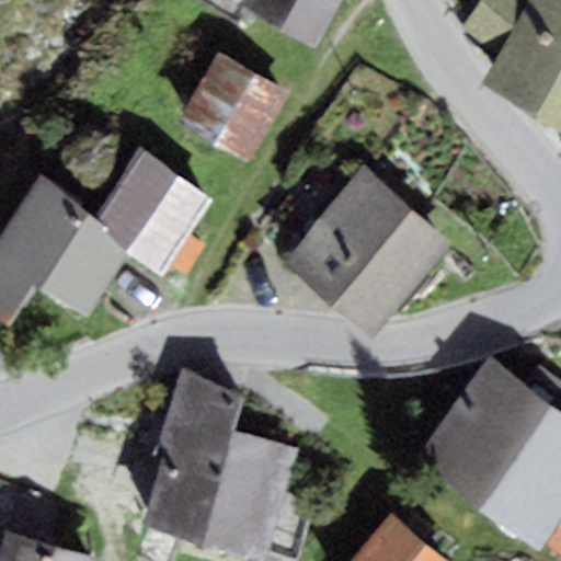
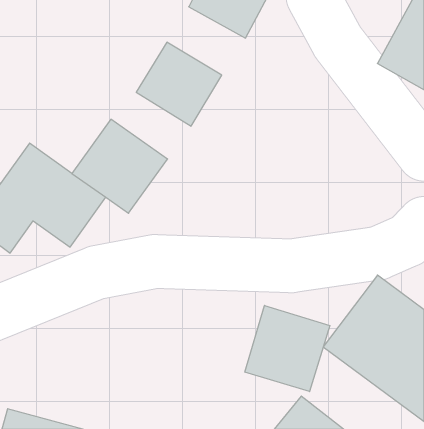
building: [284,173,447,336] -> none
building: [147,373,296,550] -> none
building: none -> [245,305,330,392]

